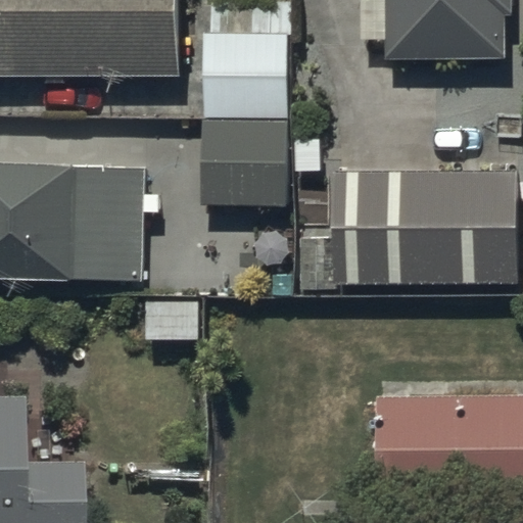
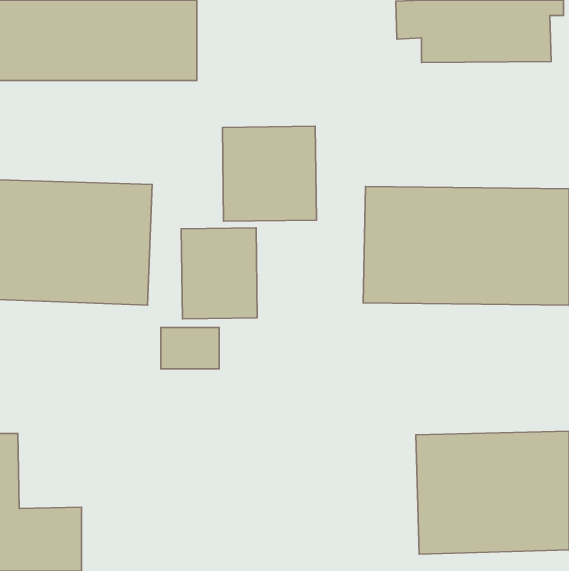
building: [202,33,288,116] -> none
building: none -> [181,228,257,319]

